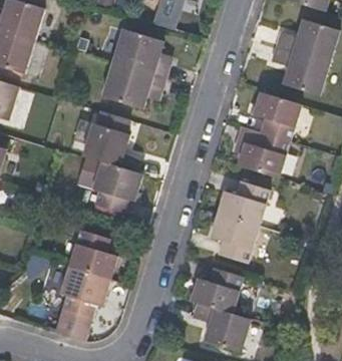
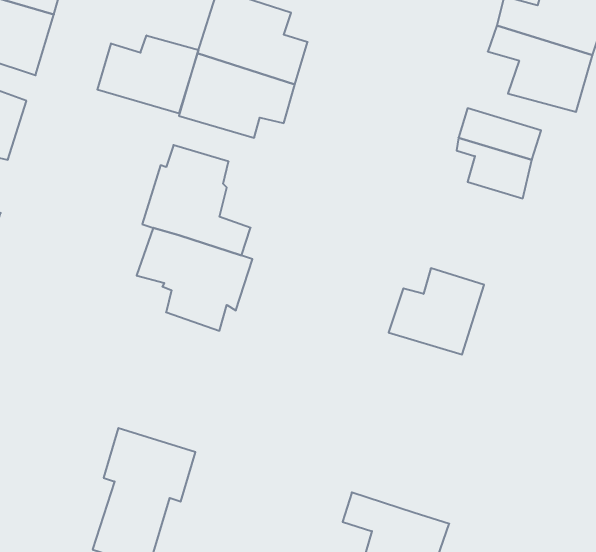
building: none -> [97,35,198,113]
building: [236,125,290,177] -> none
building: [210,215,257,263] -> none
building: [69,230,118,280] -> none
building: [191,268,242,313] -> none

